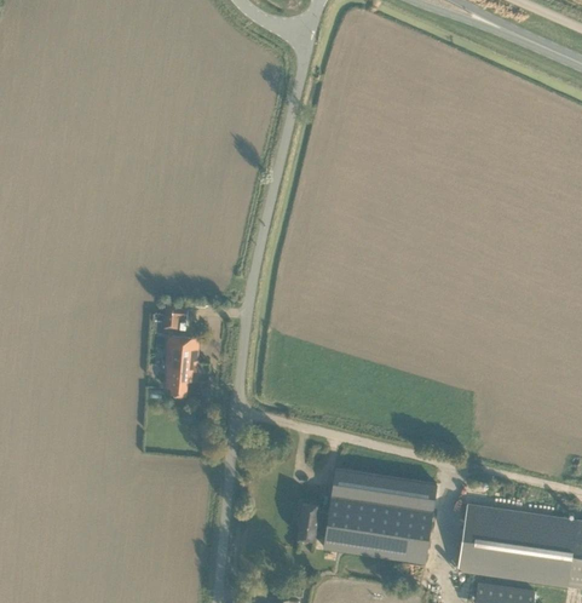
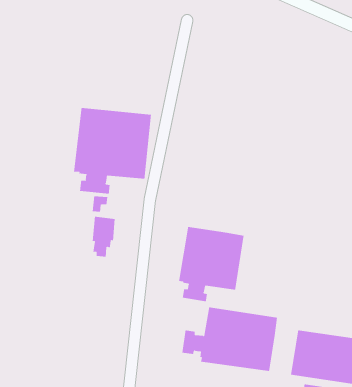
building: none -> [74,107,151,195]
building: none -> [178,226,244,302]

